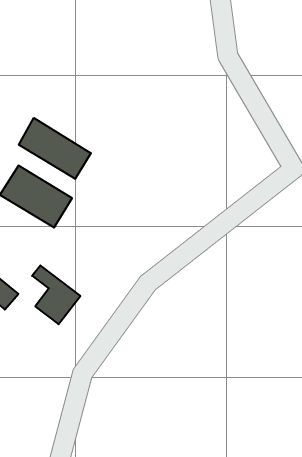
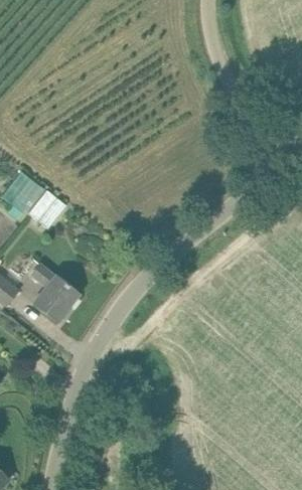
building: [19,118,91,179] -> none

